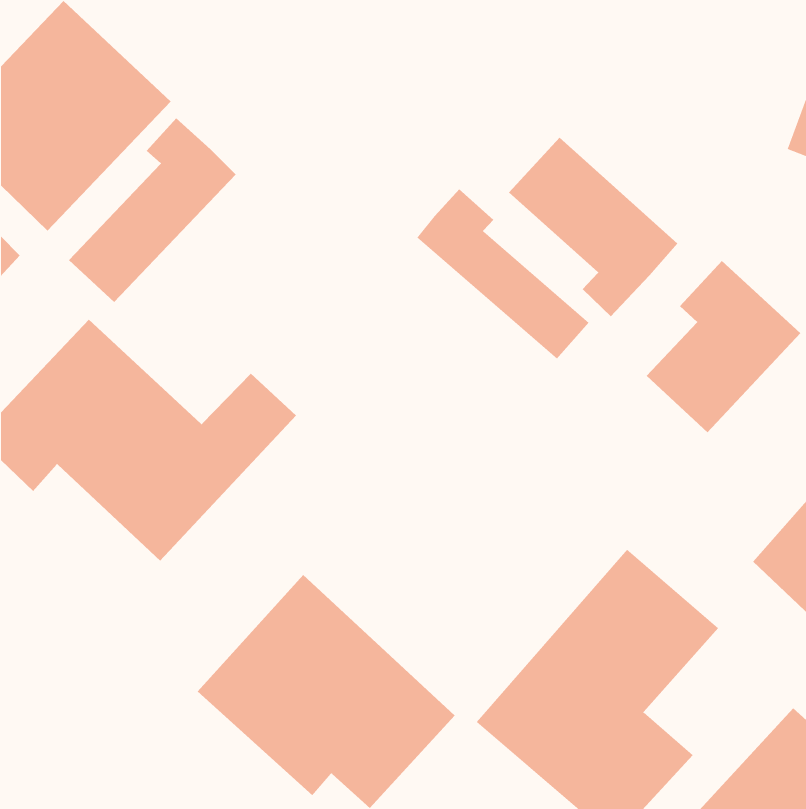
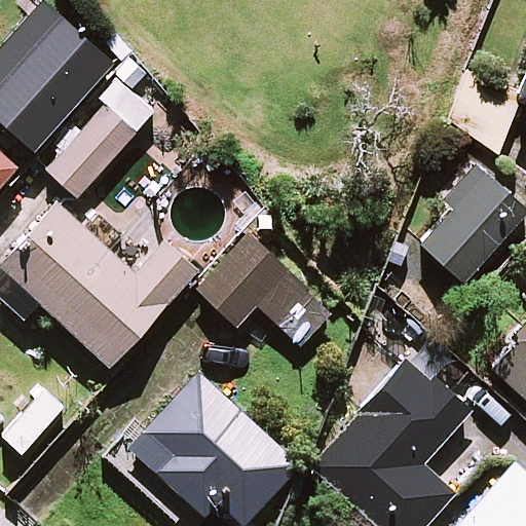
building: [508,137,678,317] -> none
building: [416,189,589,360] -> none
building: none -> [200,237,336,346]

